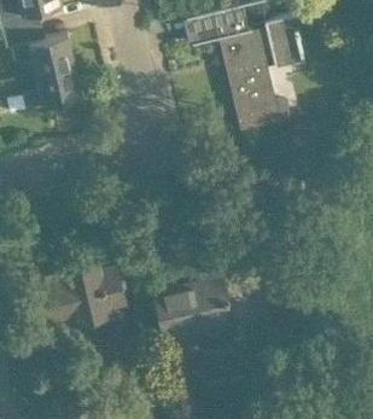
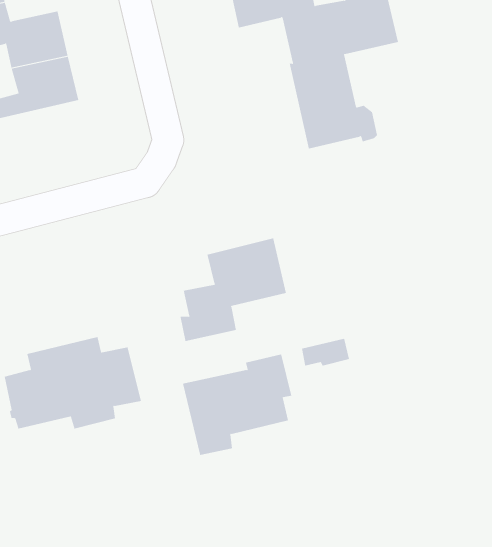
building: none -> [180,238,286,342]

